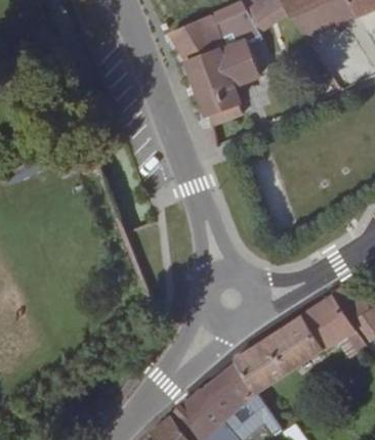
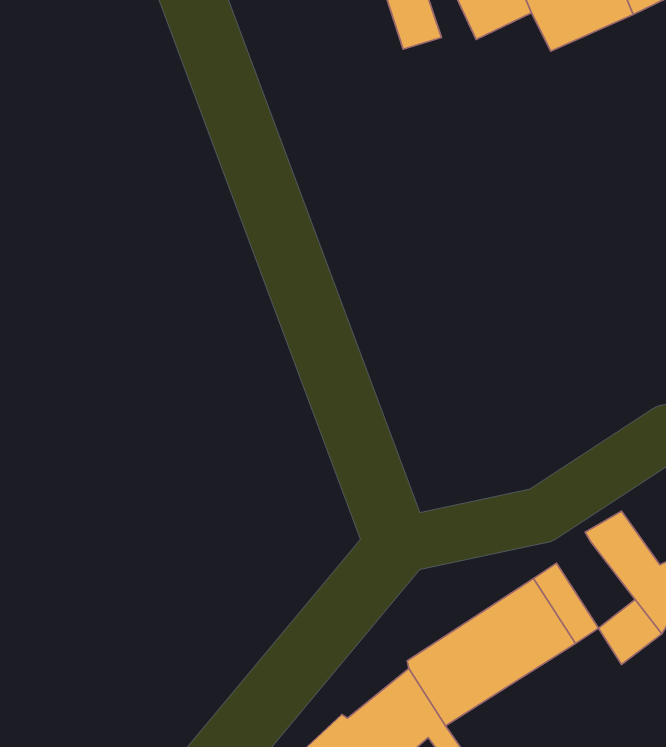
building: [170,15,257,125] -> none
building: [314,297,356,343] -> none

